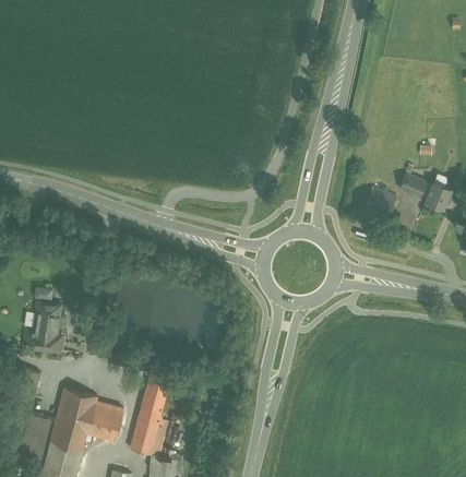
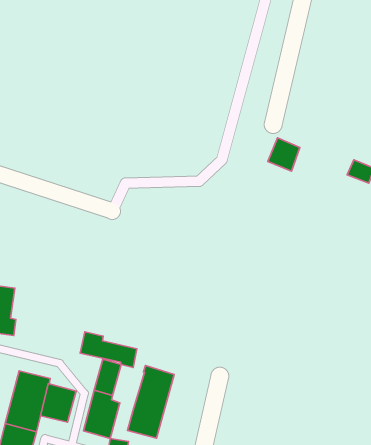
building: [362,186,395,219] -> [268,138,300,171]
building: none -> [80,332,137,368]
building: none -> [127,366,174,438]

